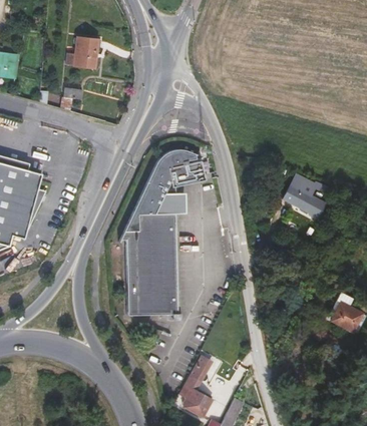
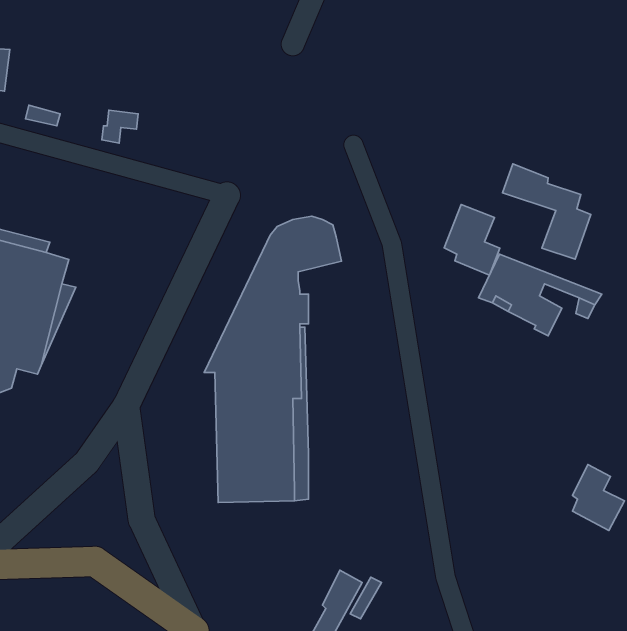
building: [65,37,95,68] -> none
building: none -> [502,164,591,259]
building: none -> [444,205,500,275]

